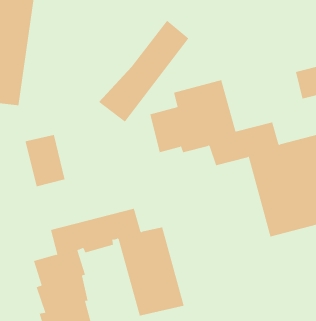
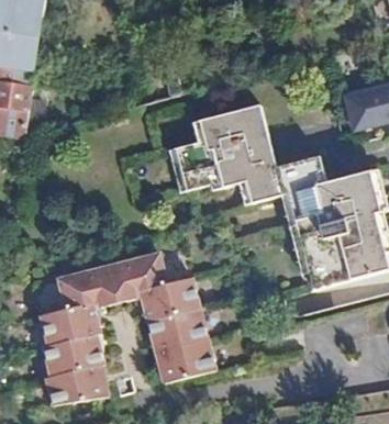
building: [98,20,189,123] -> none
building: [25,134,65,187] -> none

